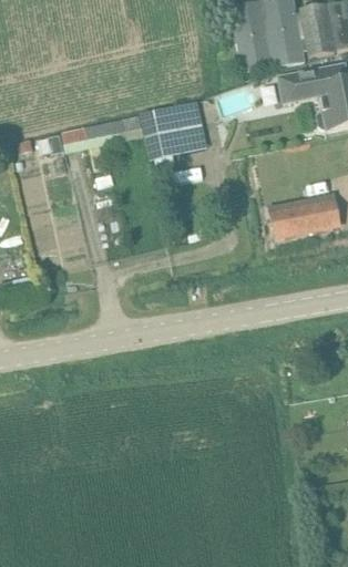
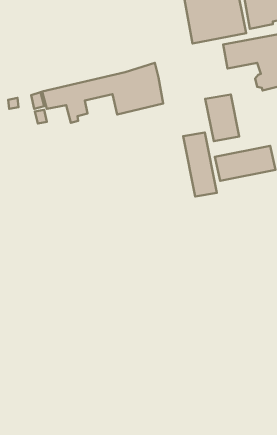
building: none -> [205,94,239,141]
building: none -> [183,133,217,196]

